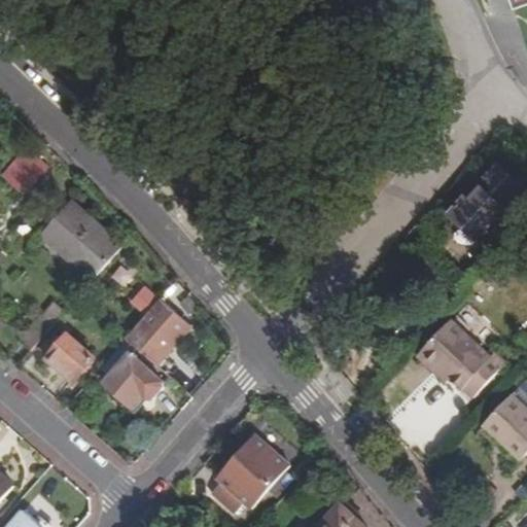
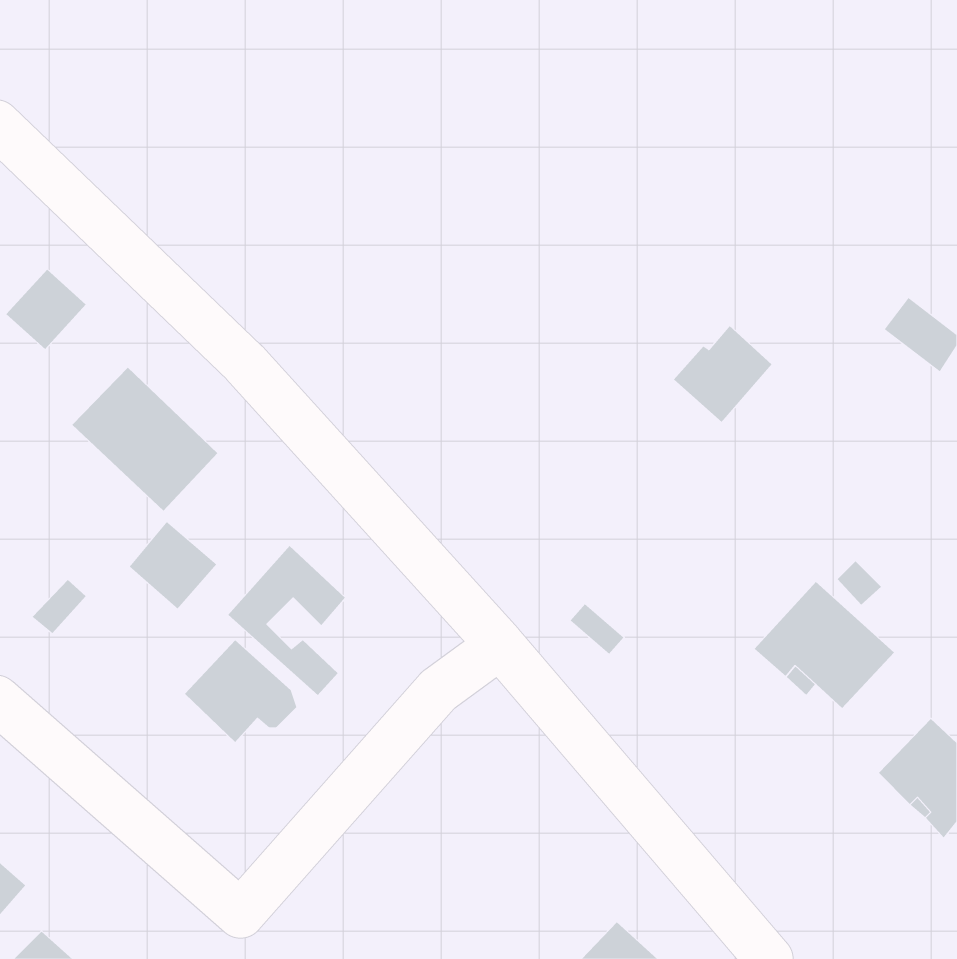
building: [448,185,502,239] -> [673,325,773,423]
building: [44,330,93,379] -> [129,521,217,610]
building: [208,432,295,515] -> none

